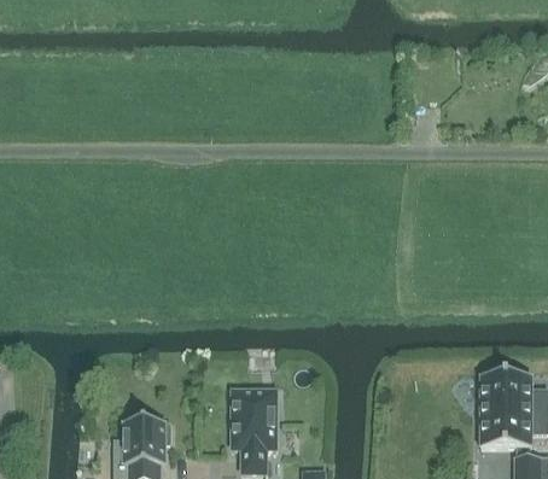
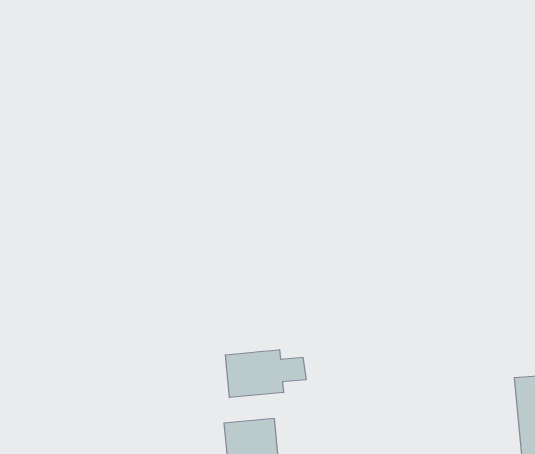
building: none -> [226,350,306,398]

